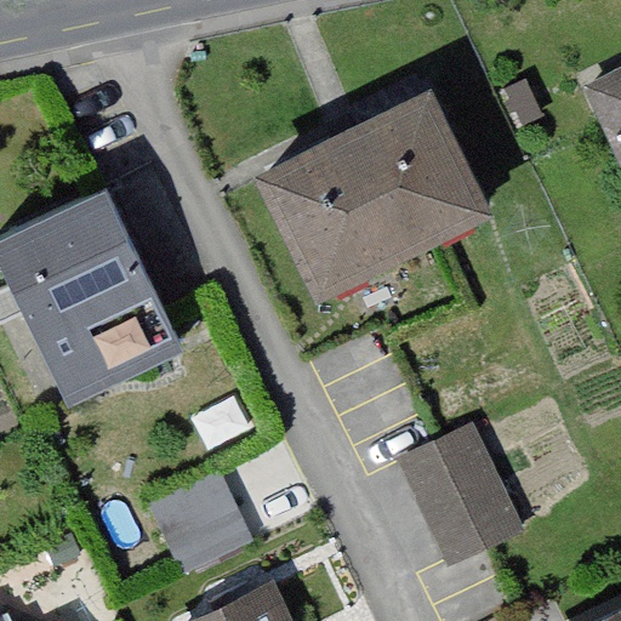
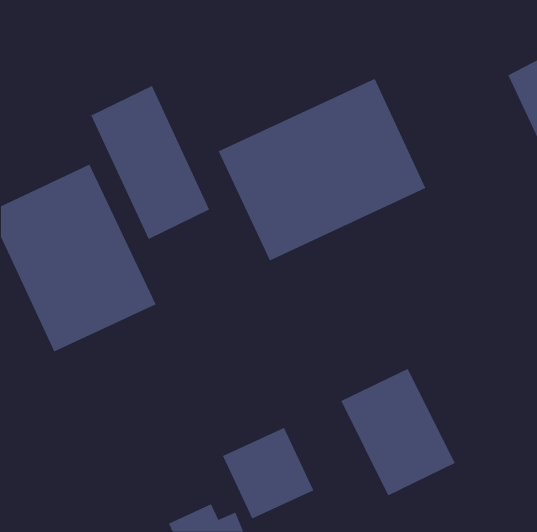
building: none -> [91,85,210,240]
building: [150,474,256,580] -> [222,427,314,519]

